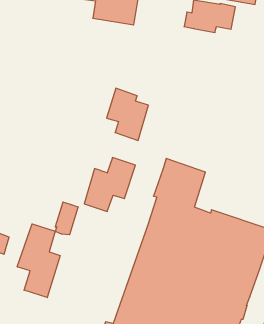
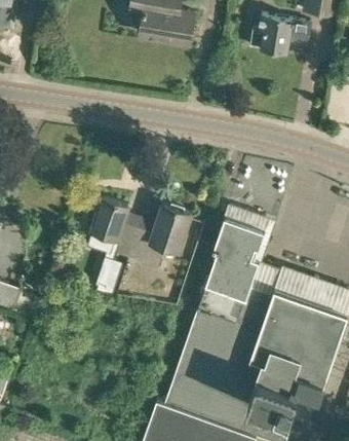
building: [107,88,148,140] -> [92,196,143,259]
building: [17,224,60,298] -> none

